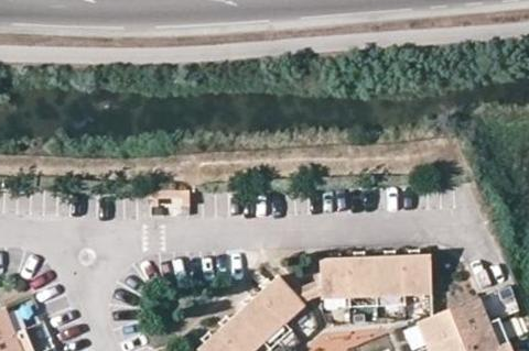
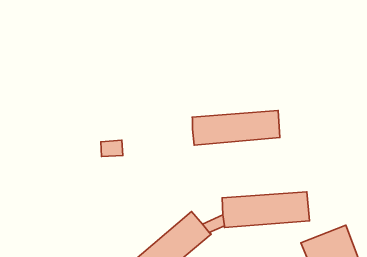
building: none -> [192,110,280,145]

